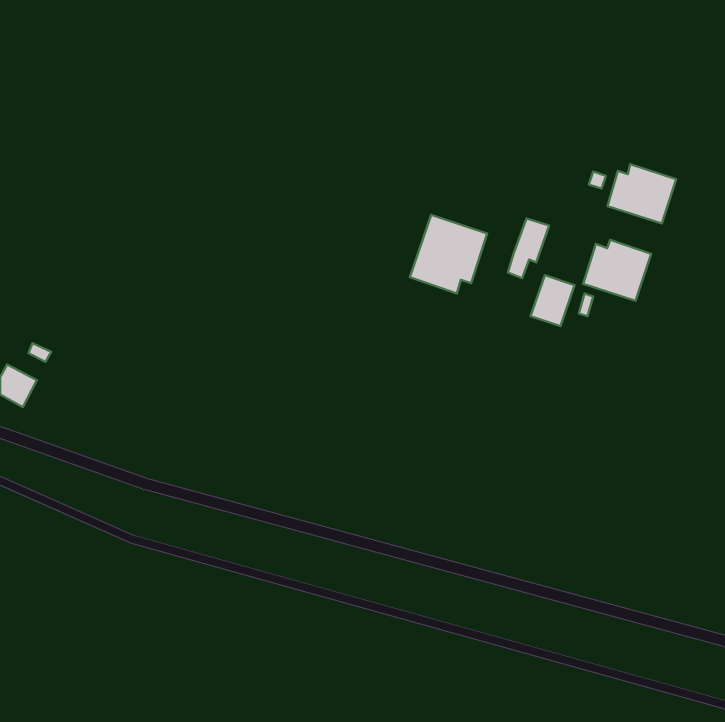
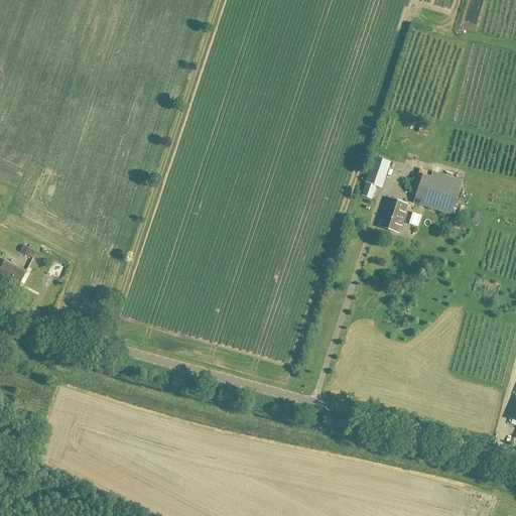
building: [607,164,676,223] -> none
building: [410,215,487,294] -> none

